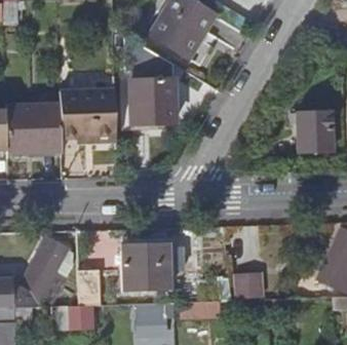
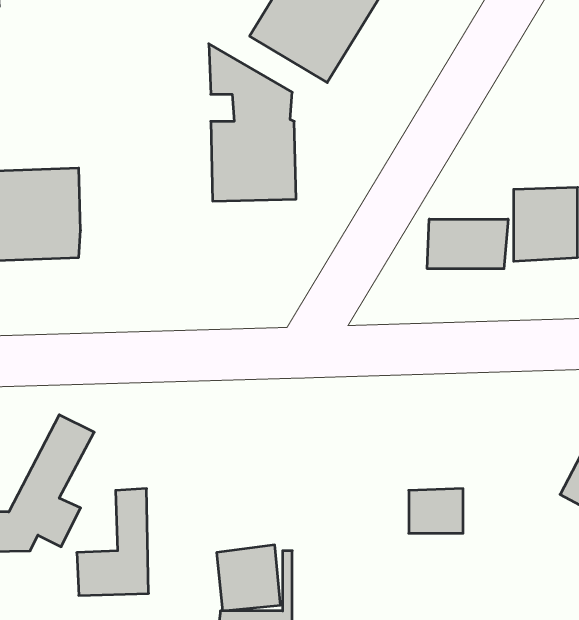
building: [60,89,116,143] -> none
building: none -> [427,219,508,269]
building: [124,239,172,291] -> none

